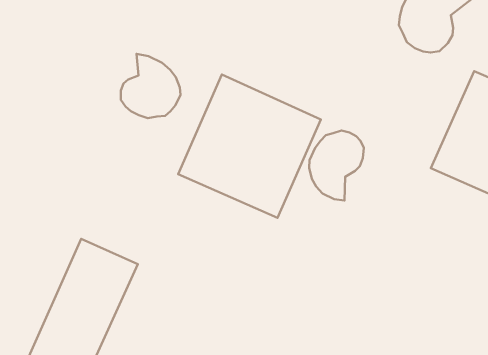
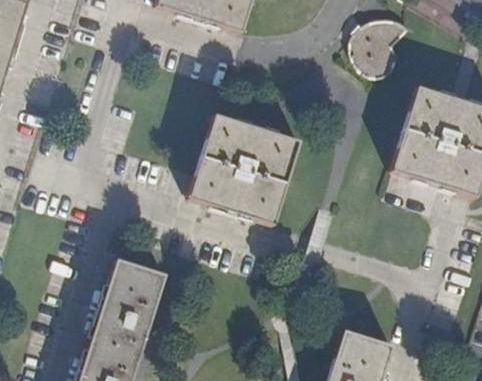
building: [121,54,180,118] -> none
building: [309,131,364,201] -> none

